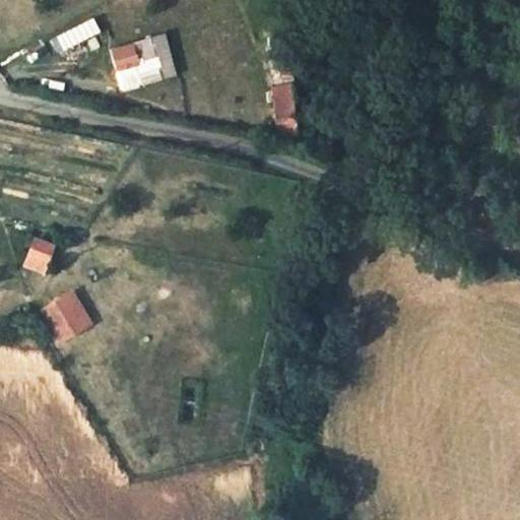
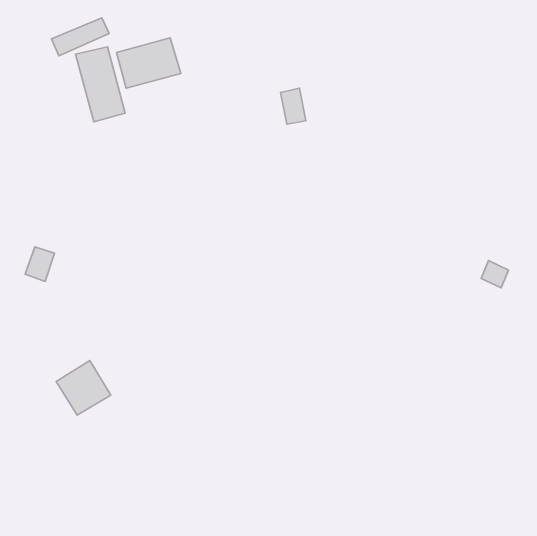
building: none -> [76,47,125,122]
building: [41,287,93,340] -> [56,361,111,415]

